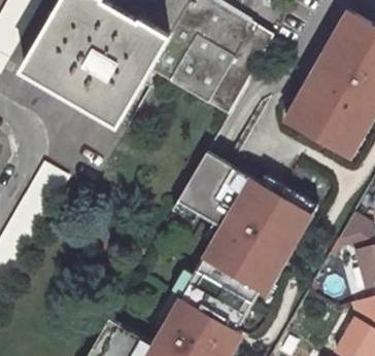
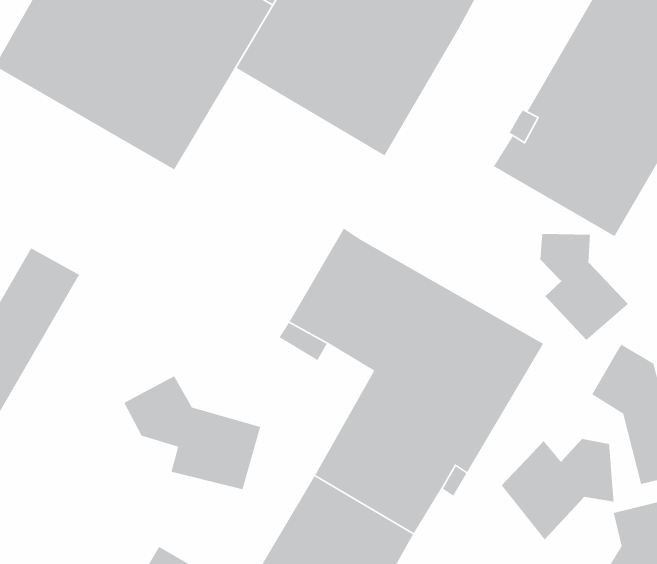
building: none -> [540,233,629,341]
building: none -> [123,375,261,490]
building: none -> [501,438,614,541]

